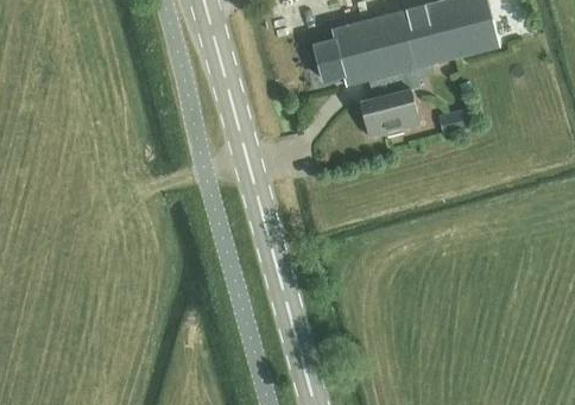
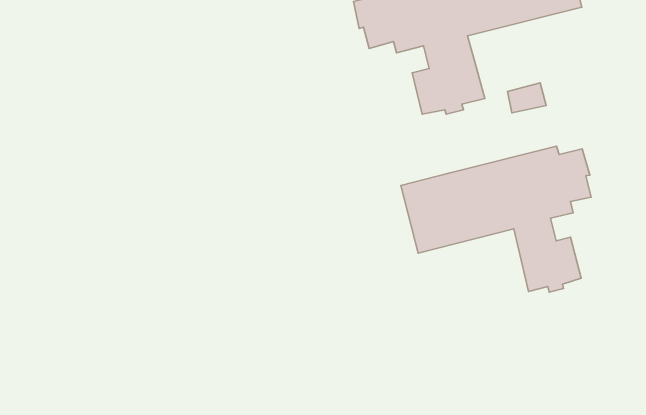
building: none -> [401,146,591,292]

